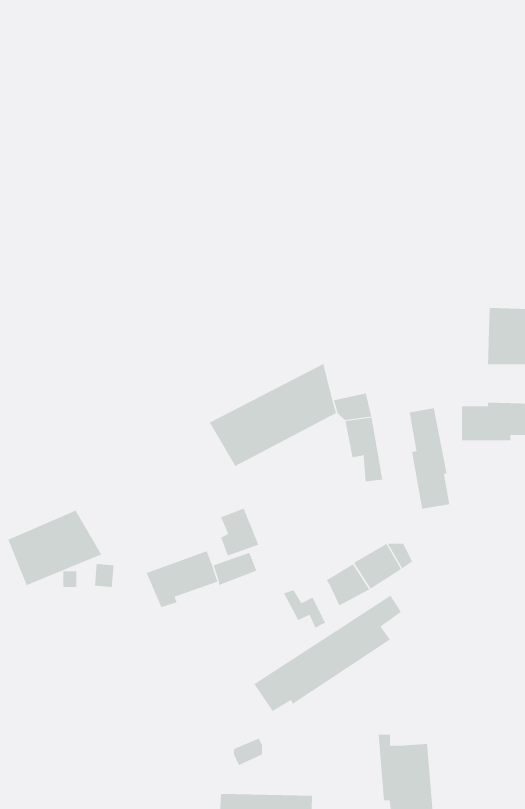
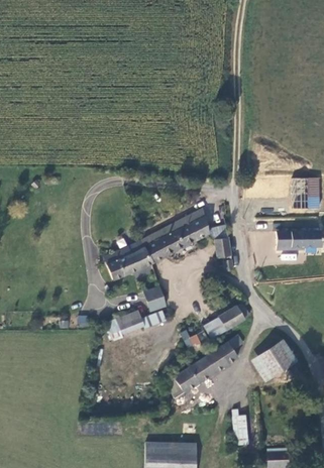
building: [409,407,450,510] -> none
building: [8,510,102,586] -> [103,239,154,280]
building: none -> [251,338,299,381]

